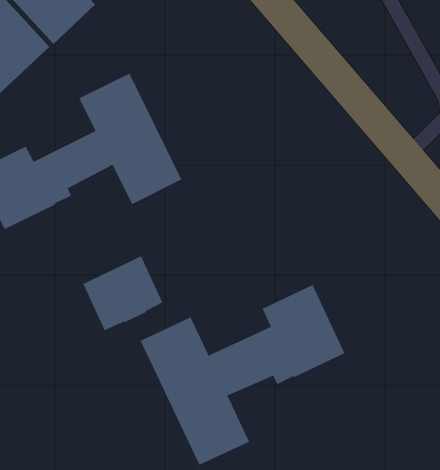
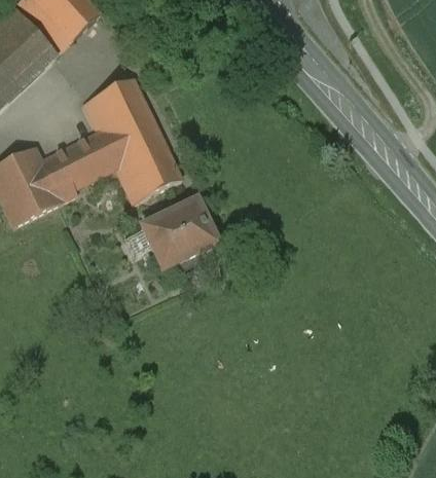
building: [82,256,163,331] -> [142,198,218,269]
building: [140,284,345,466] -> none

